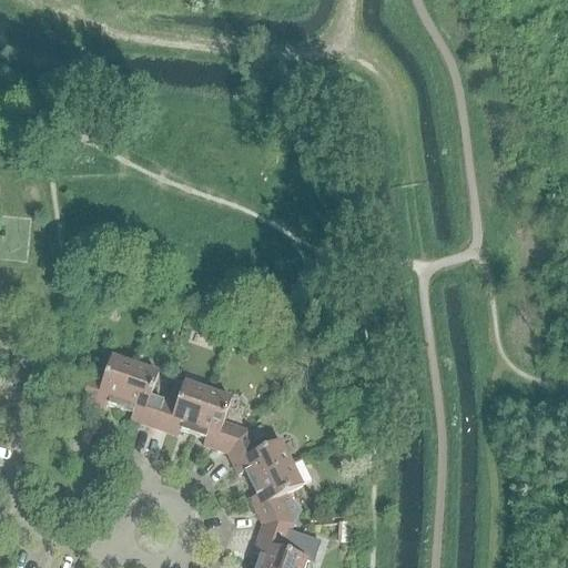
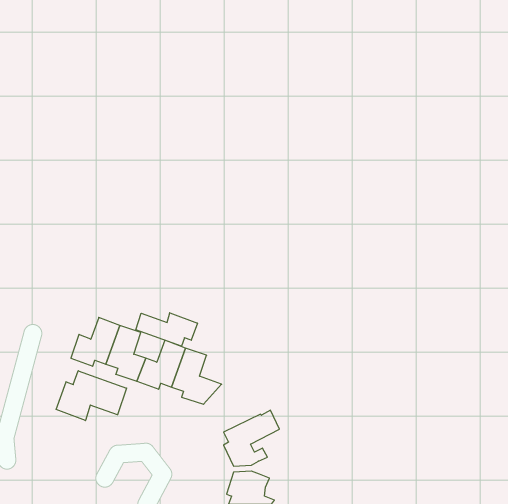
building: none -> [136,313,197,346]
building: none -> [56,371,127,421]
building: [229,427,292,480] -> none

